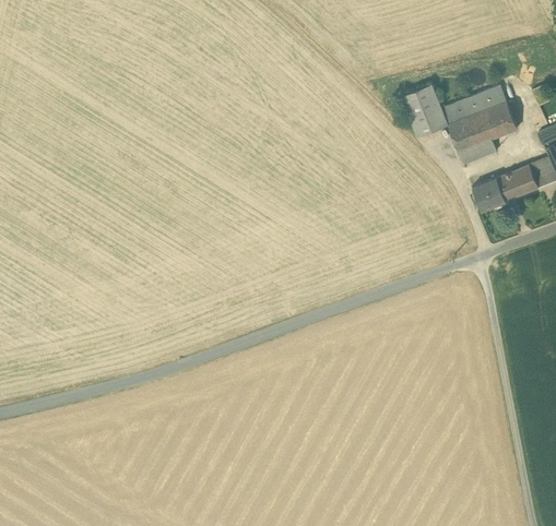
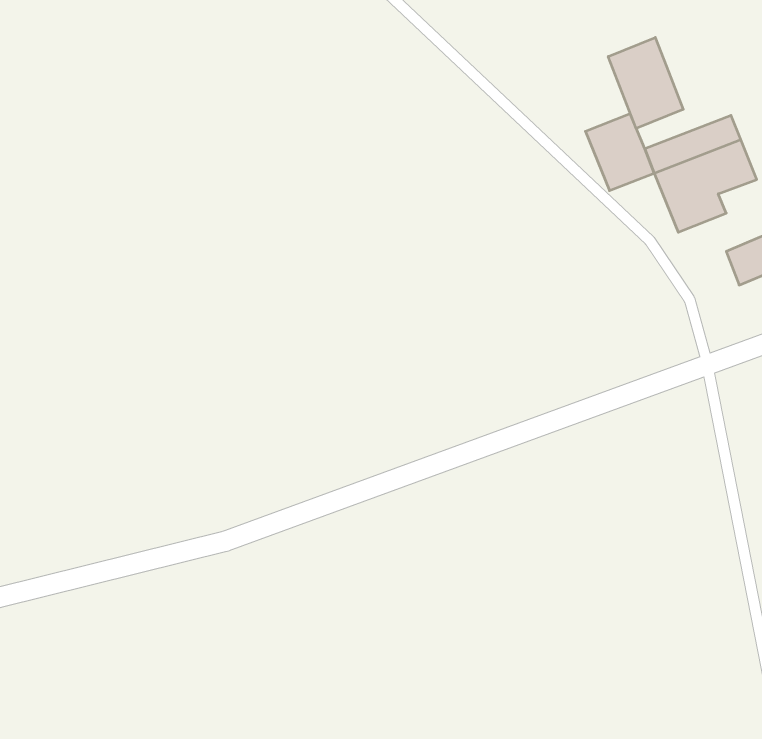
building: none -> [608,37,683,128]
building: [473,178,506,211] -> none

